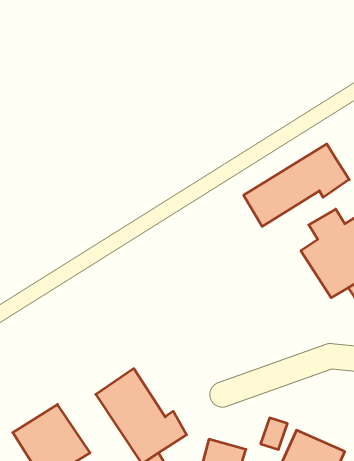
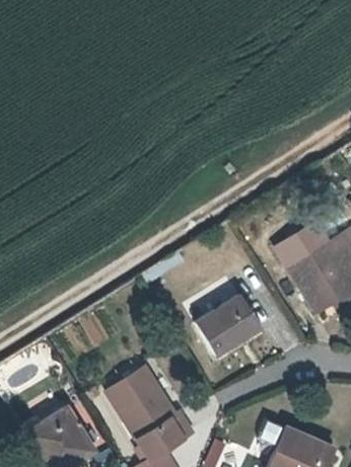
building: [244,144,349,226] -> none
building: none -> [197,295,259,353]

